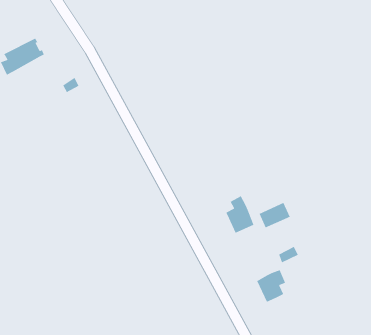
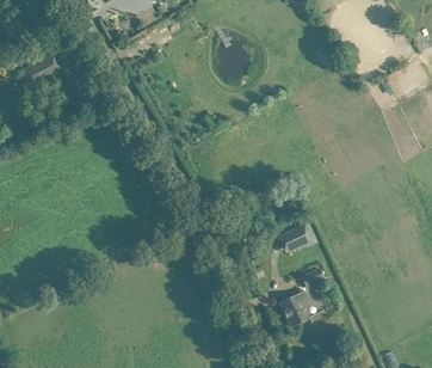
building: [226,195,255,234] -> none

